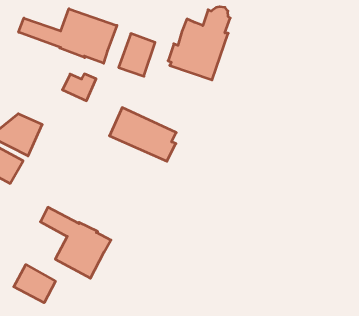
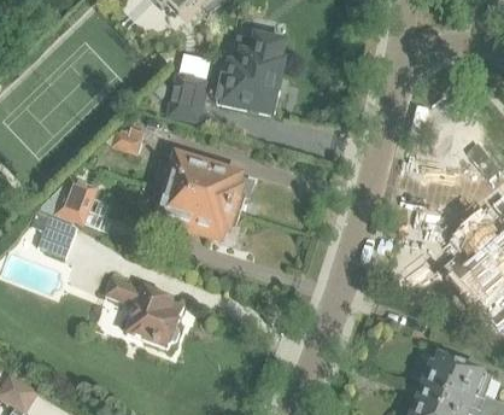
building: [19,9,117,63] -> none
building: none -> [158,189,241,245]
building: [14,265,55,303] -> none

